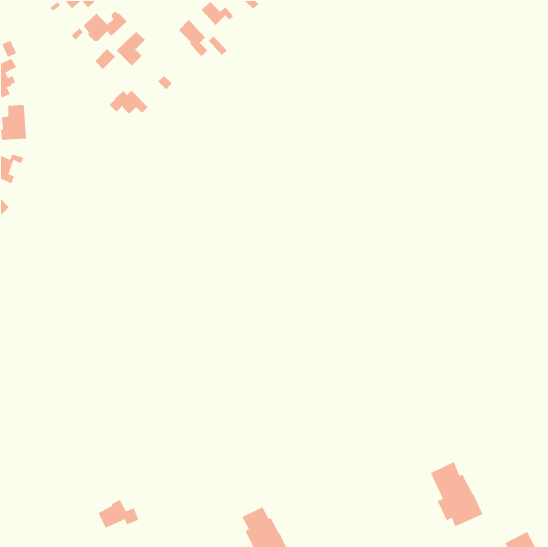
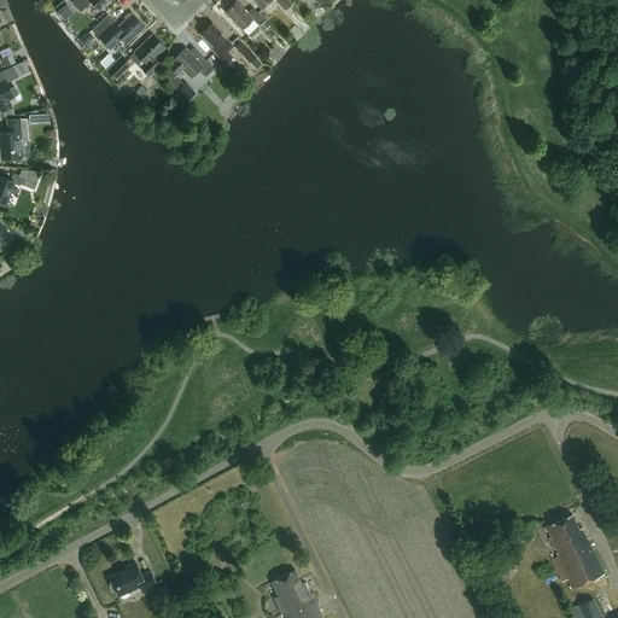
building: [109,90,149,115] -> [169,49,214,77]
building: [430,461,484,527] -> [544,514,605,589]

